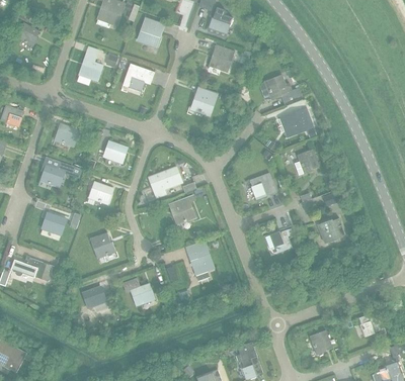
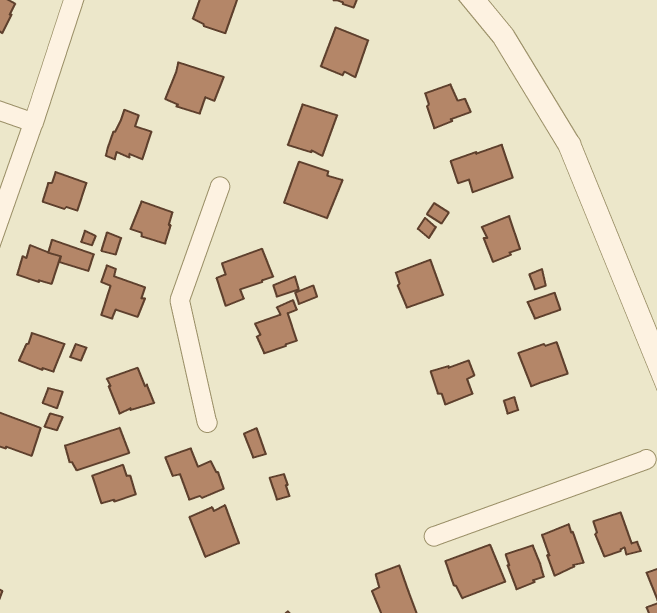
building: [77,53,102,80] -> [106,110,152,159]
building: none -> [284,162,342,218]
building: [189,247,214,275] -> none
building: none -> [65,428,129,470]
building: none -> [190,505,239,557]
building: none -> [542,524,584,576]
building: none -> [445,545,505,598]

